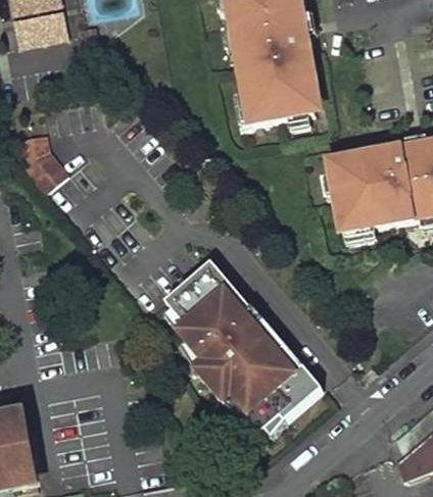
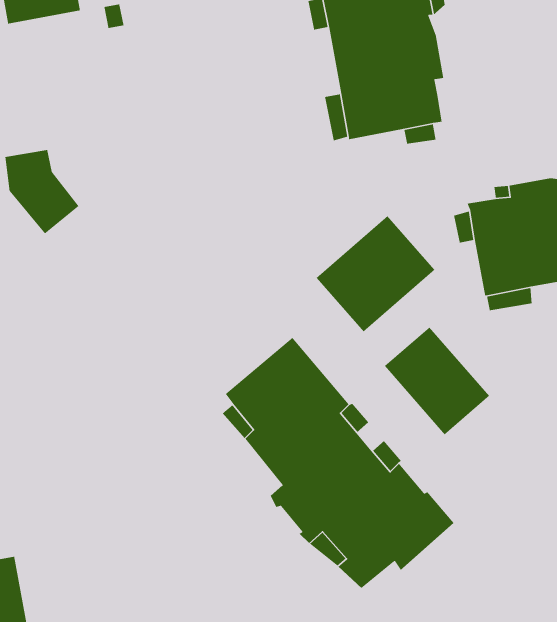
building: none -> [316,215,435,332]
building: none -> [384,326,490,435]

